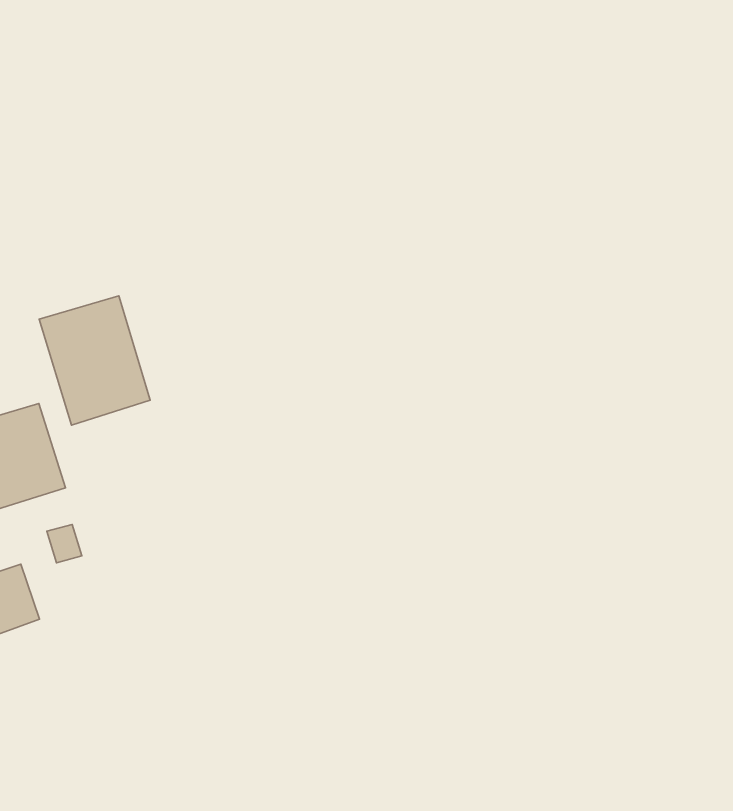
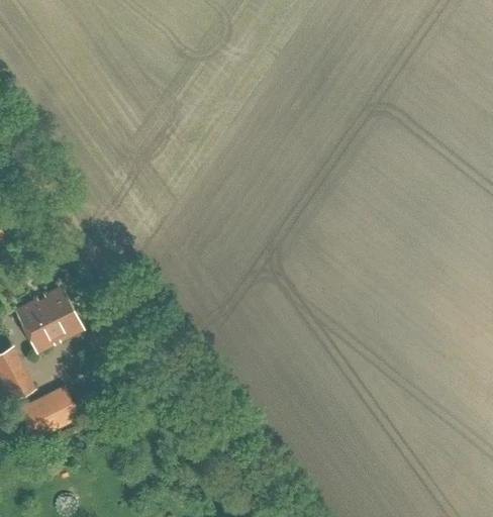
building: [39,296,150,425] -> none

